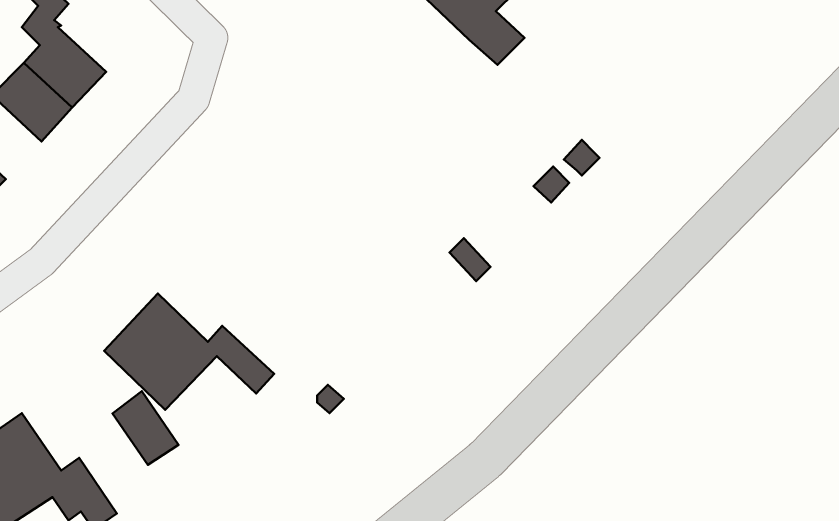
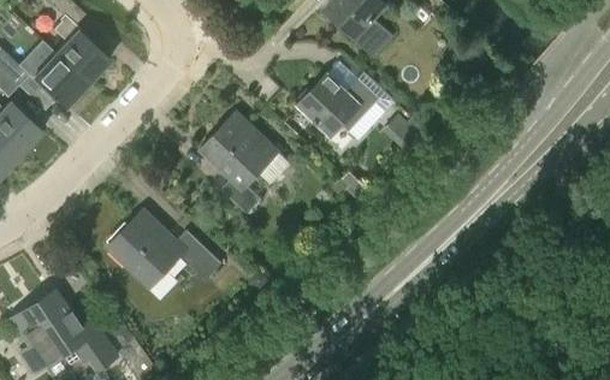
building: none -> [298,73,380,135]
building: none -> [201,112,278,213]
building: [112,391,179,465] -> none

